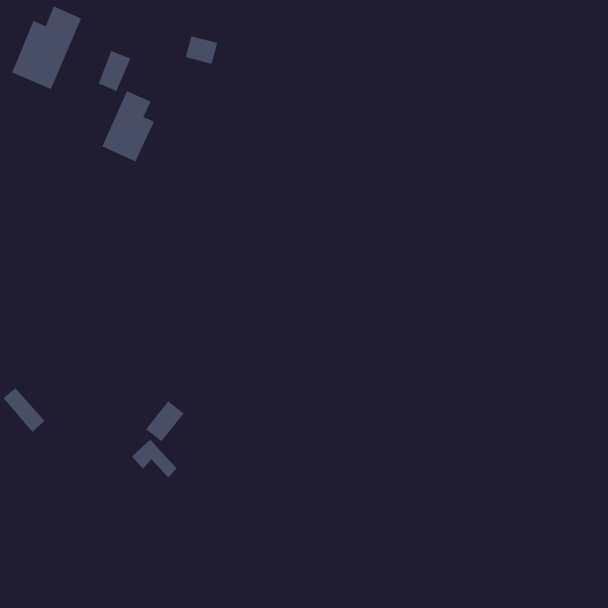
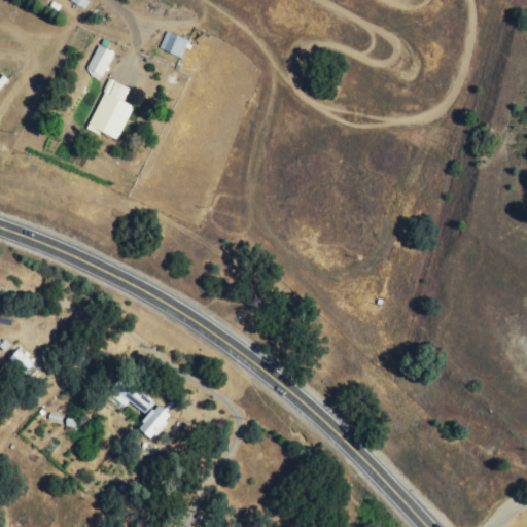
building: [12,5,82,90] -> none
building: [145,400,184,442] -> [142,402,176,438]

